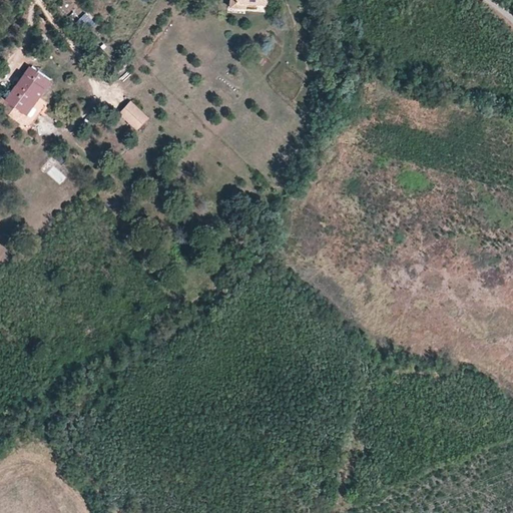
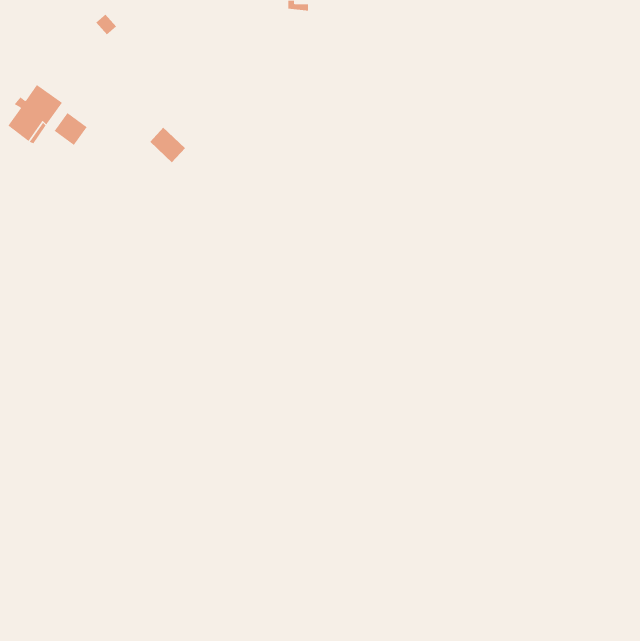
building: none -> [54,112,88,146]

